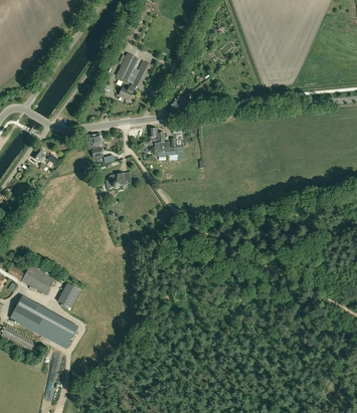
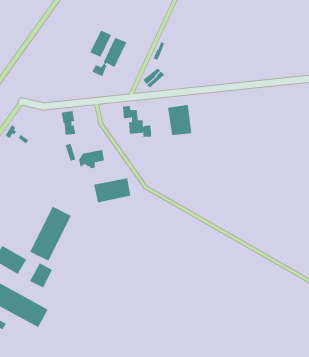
building: none -> [168,104,192,136]
building: none -> [93,177,131,203]
building: none -> [29,206,72,262]

